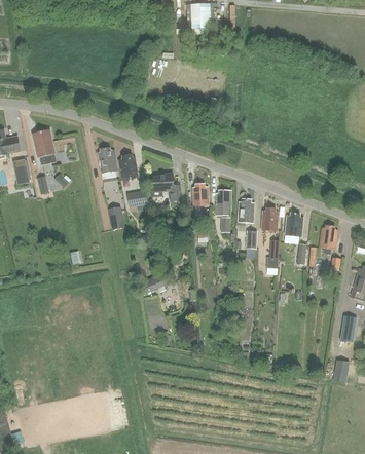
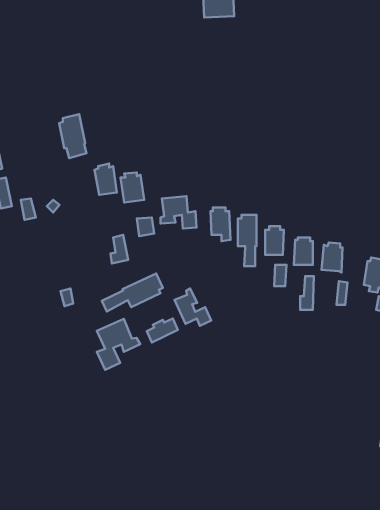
building: [33,128,56,164] -> [59,114,87,158]
building: none -> [102,273,163,311]
building: none -> [174,288,211,326]
building: none -> [97,319,140,370]

